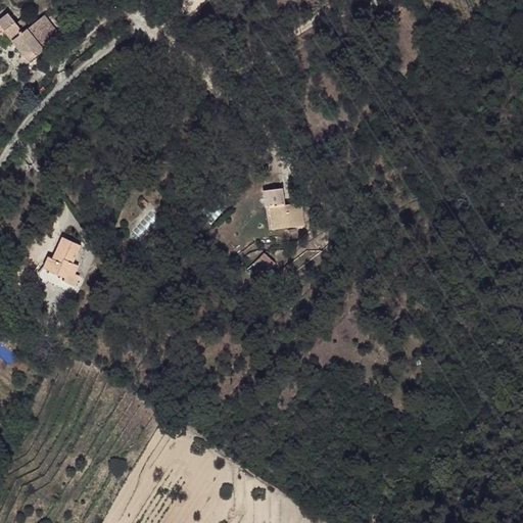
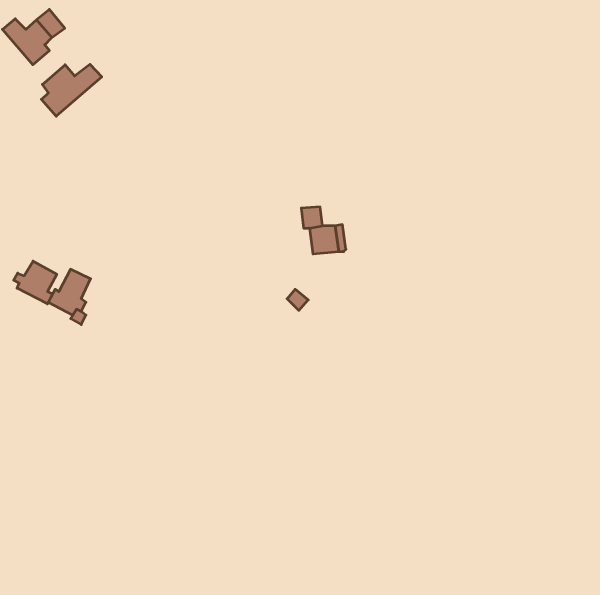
building: none -> [41,64,102,116]
building: none -> [14,261,57,304]

